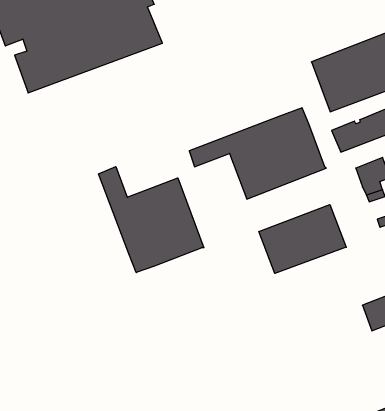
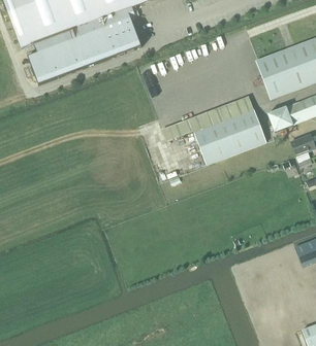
building: [98,167,204,273] -> none
building: [259,205,346,273] -> none

